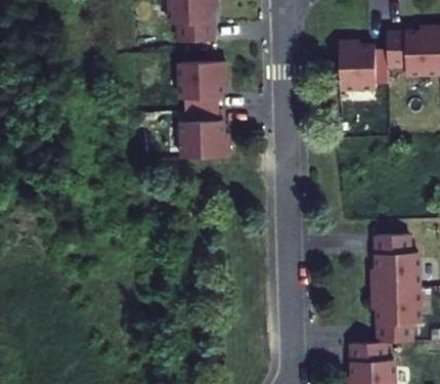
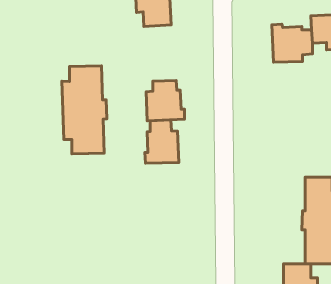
building: [180,62,226,112] -> none
building: none -> [62,66,107,154]
building: none -> [145,120,179,163]

